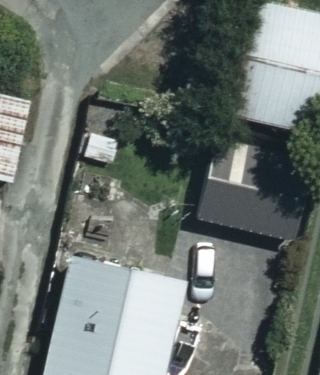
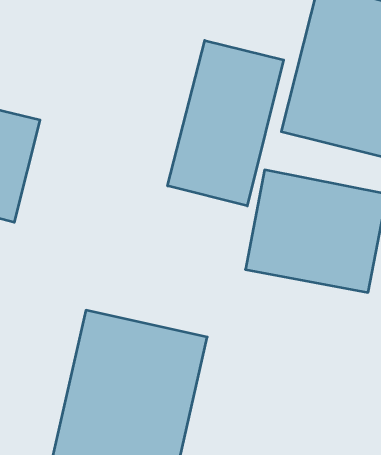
building: none -> [168,40,284,206]

